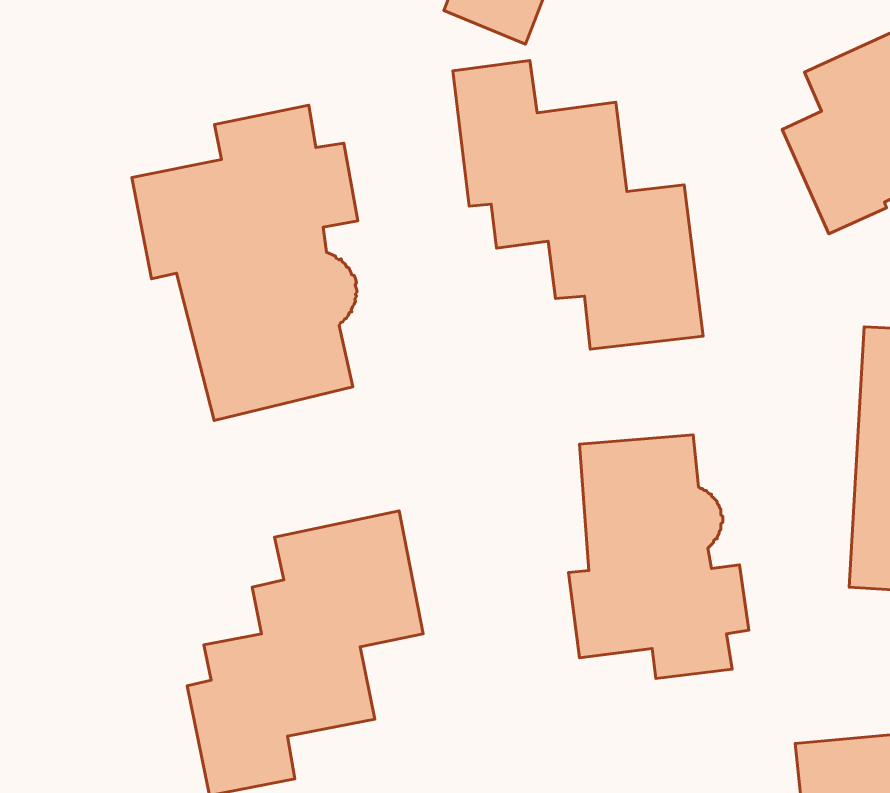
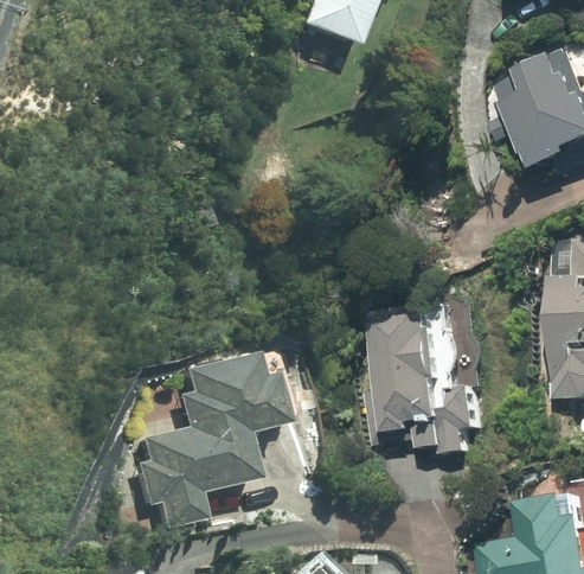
building: [453,61,703,349] -> none
building: [132,105,358,420] -> none

